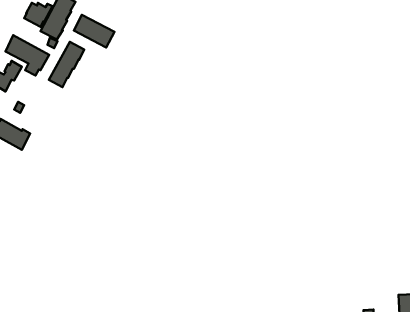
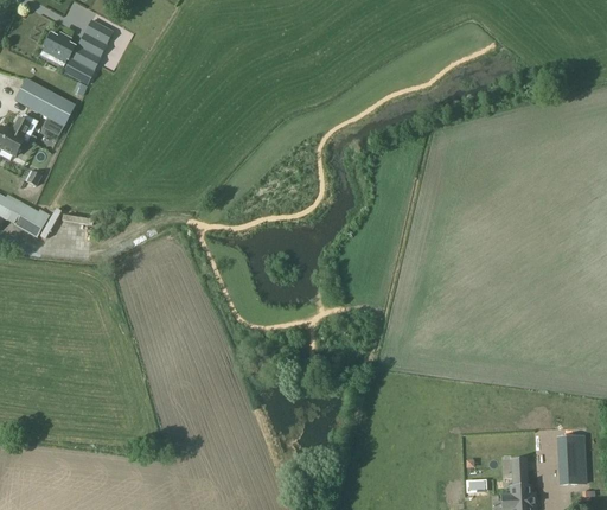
building: [74,15,114,48] -> none
building: [49,42,84,87] -> none

